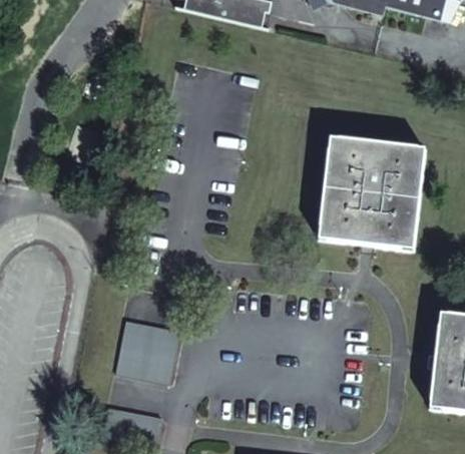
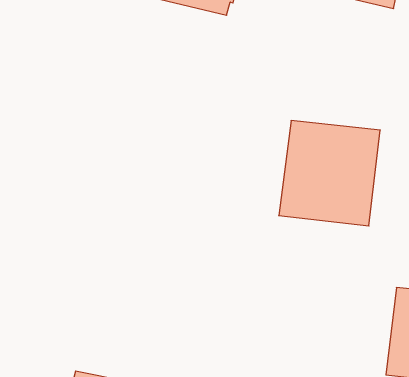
building: [110,314,173,378] -> none

